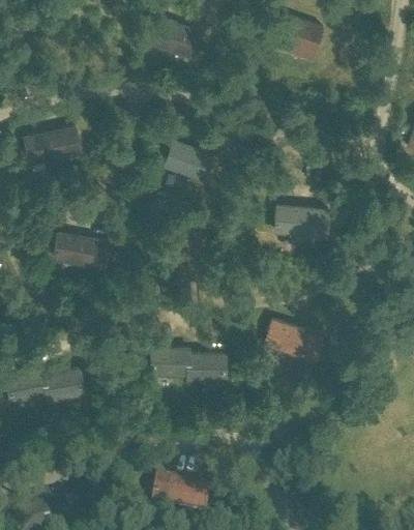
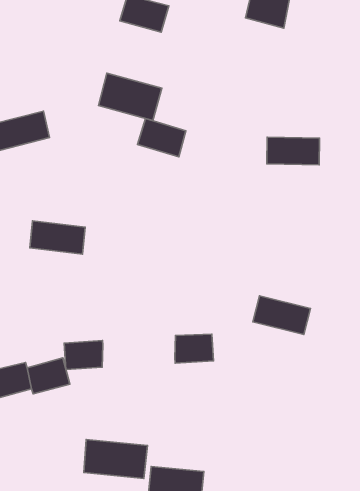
building: none -> [99,73,162,121]
building: [275,207,328,237] -> [267,137,320,165]
building: [152,350,189,376] -> [64,341,103,370]
building: none -> [84,439,147,478]

